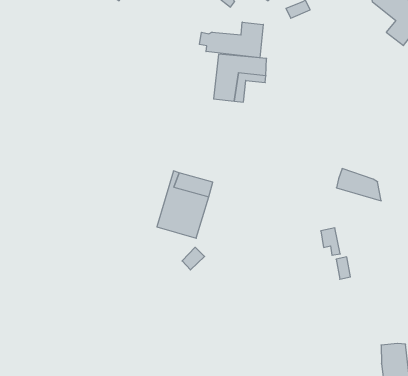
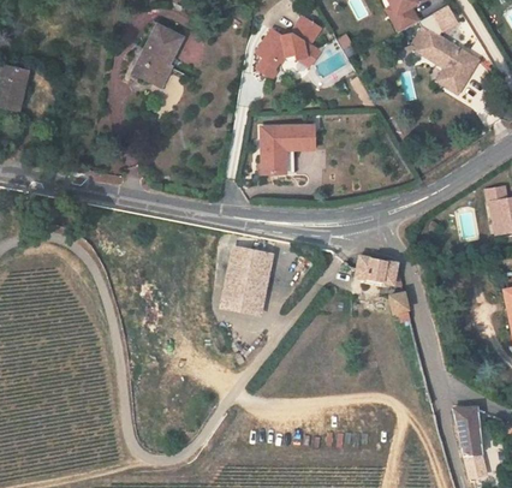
building: [199,22,263,58] -> none
building: [336,169,381,201] -> [355,260,403,288]

